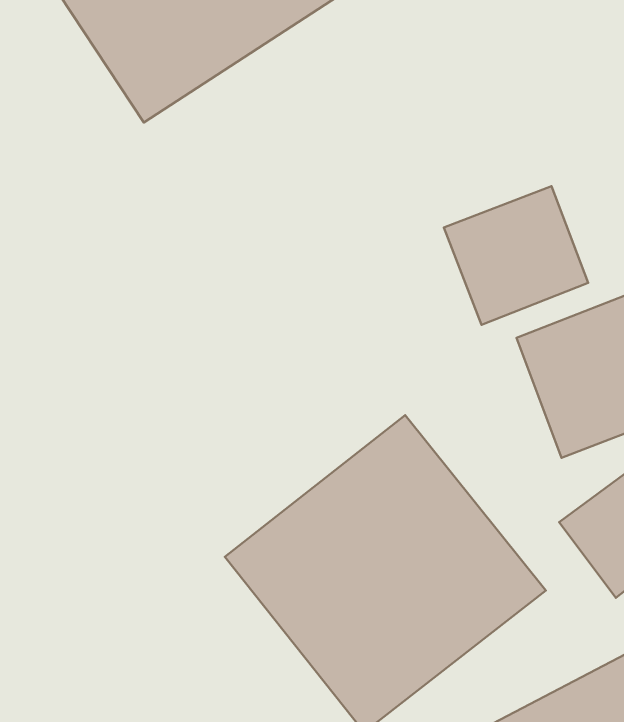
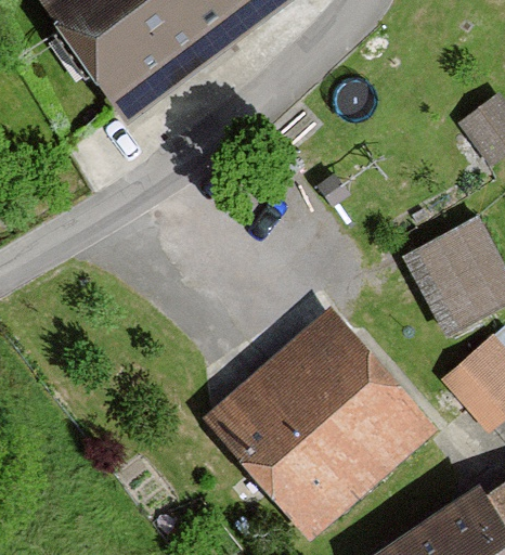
building: [444,186,588,325] -> none

